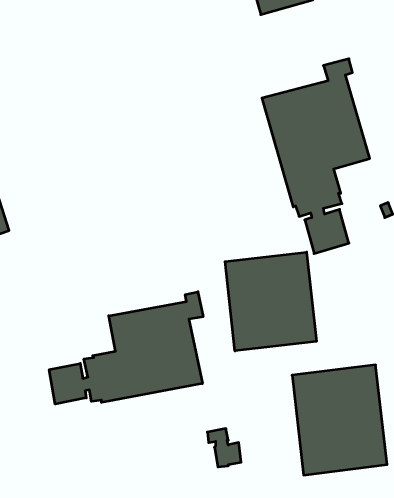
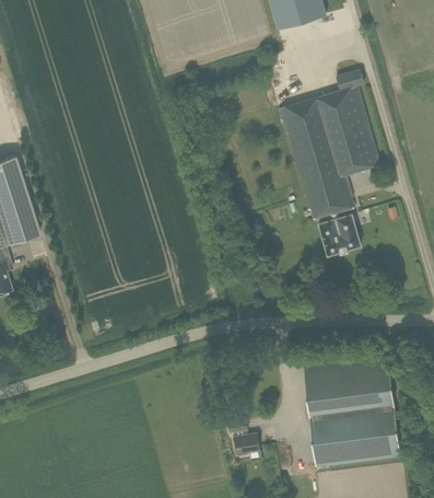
building: [225,252,316,351] -> none
building: [49,292,203,404] -> none

